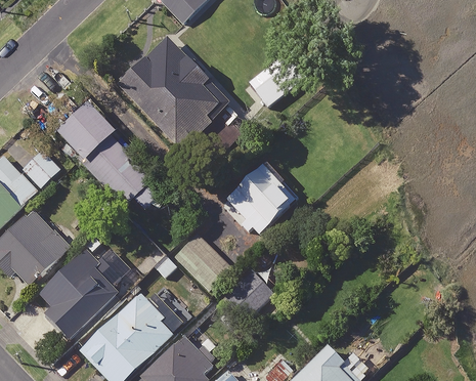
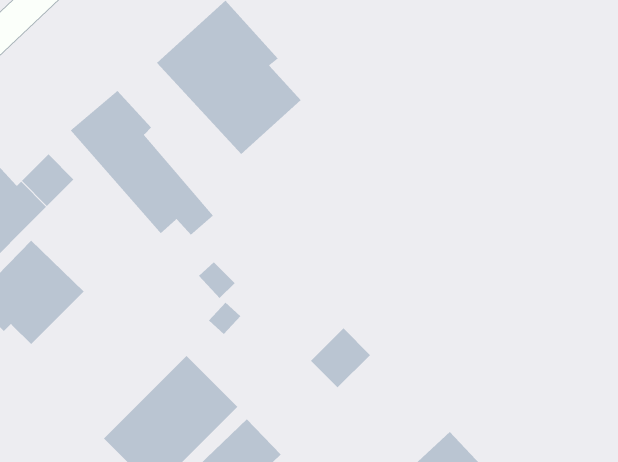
building: [225,164,296,235] -> none
building: [173,232,230,289] -> none
building: [40,245,121,339] -> none

